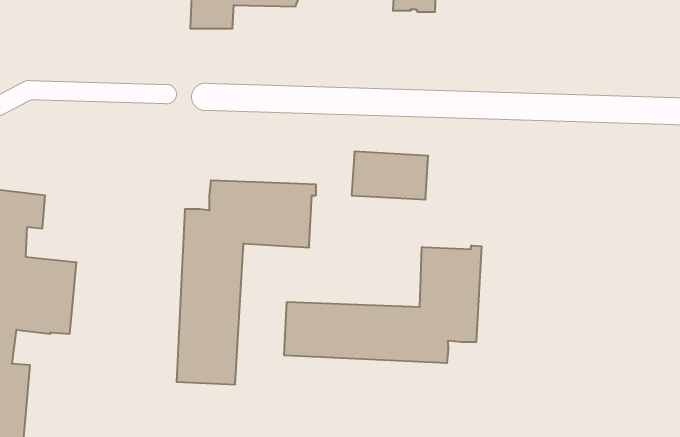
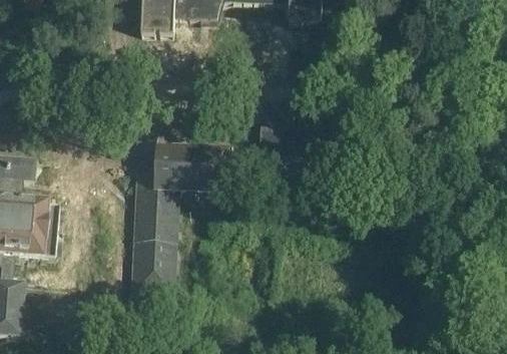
building: [284,245,481,363] -> none

